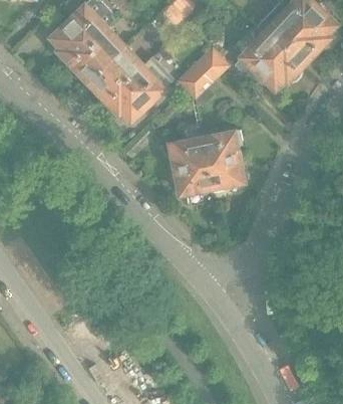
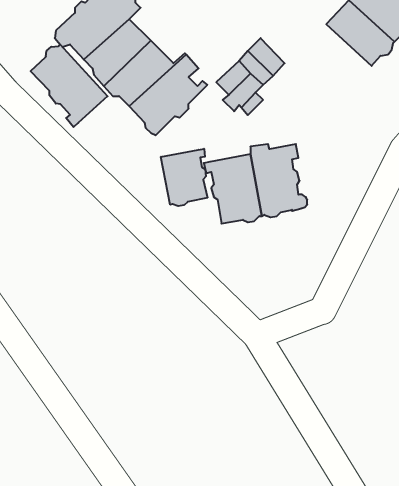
building: [231,27,299,91] -> none
building: none -> [31,44,108,127]
building: none -> [161,149,207,206]

